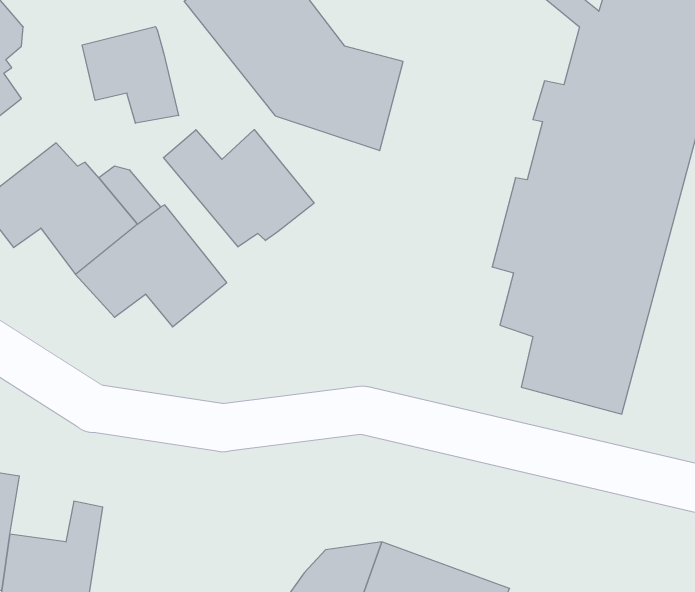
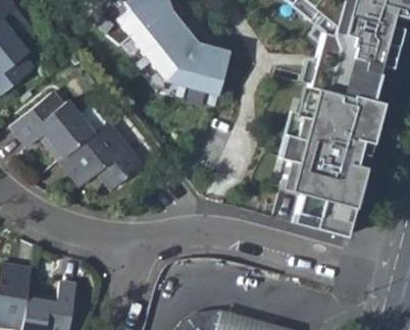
building: [82,27,179,123] -> none
building: [163,130,314,247] -> none

